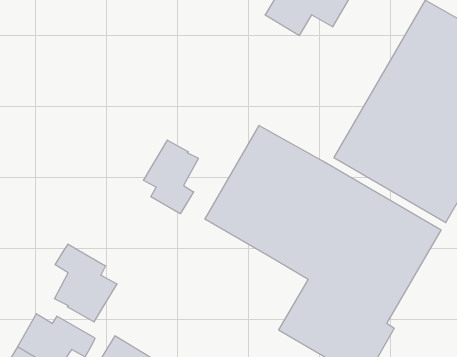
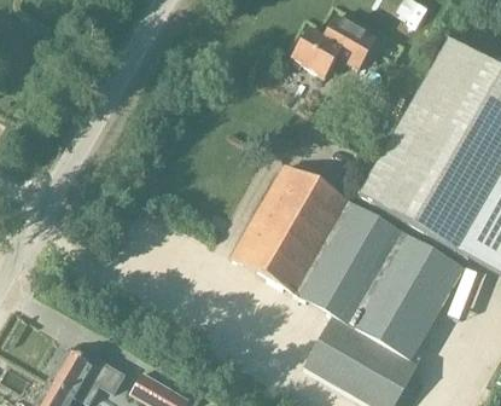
building: [143,140,198,214] -> none
building: [54,244,117,322] -> none

